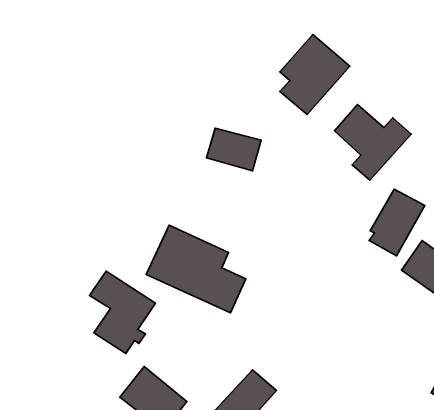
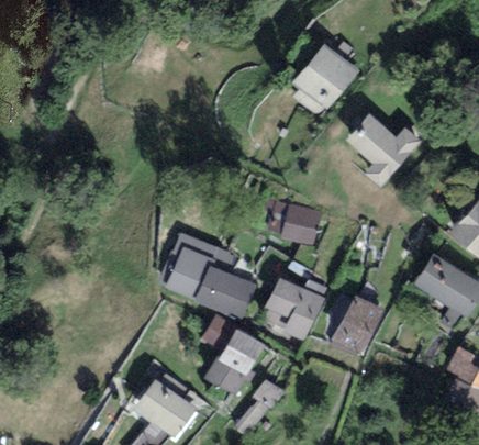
building: [207,128,261,171] -> [266,204,321,247]
building: [369,189,425,256] -> [330,293,386,360]
building: none -> [264,275,324,338]
building: [90,271,155,353] -> [200,312,266,394]

